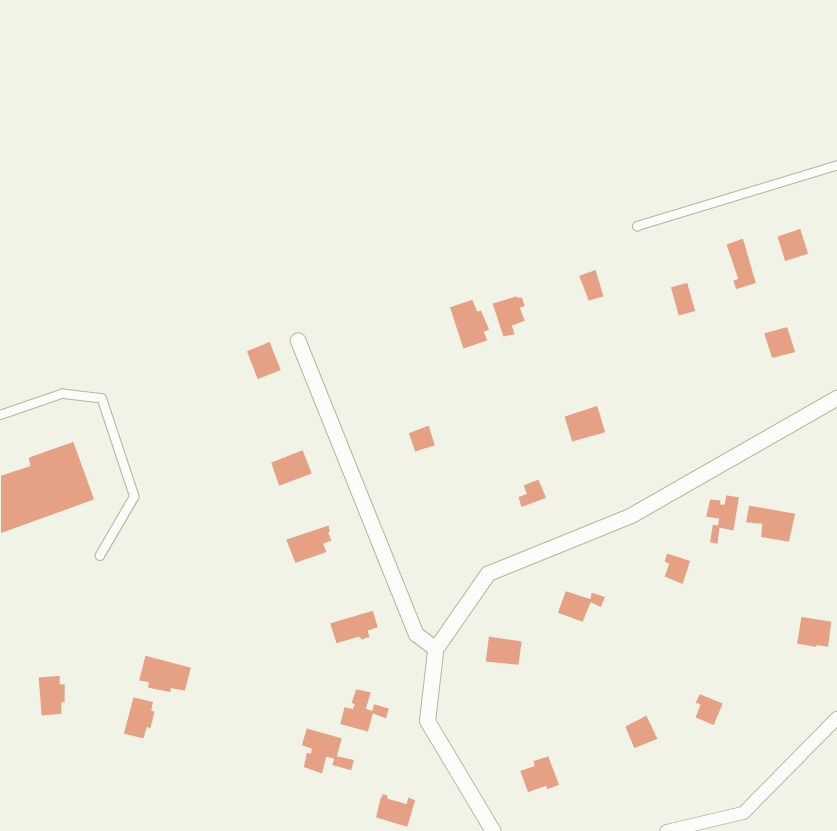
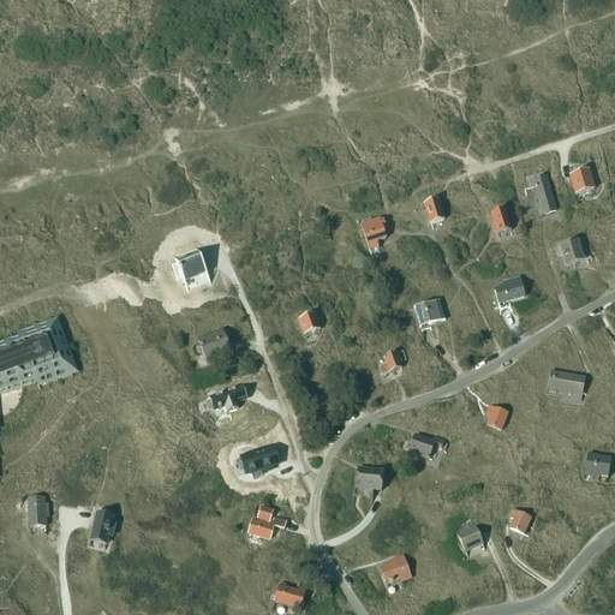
building: [449,299,490,349] -> none
building: none -> [494,275,524,308]
building: [705,494,740,544] -> none
building: [138,655,192,693] -> none
building: [301,728,355,774] -> none

